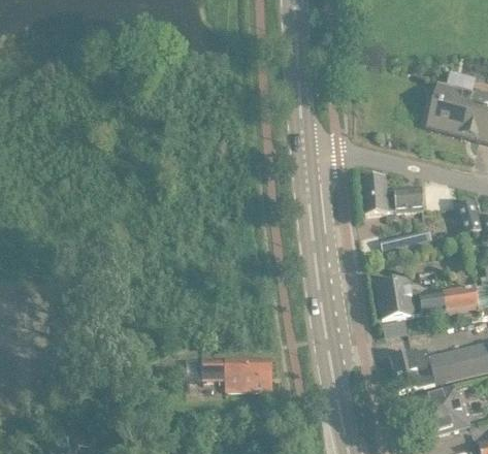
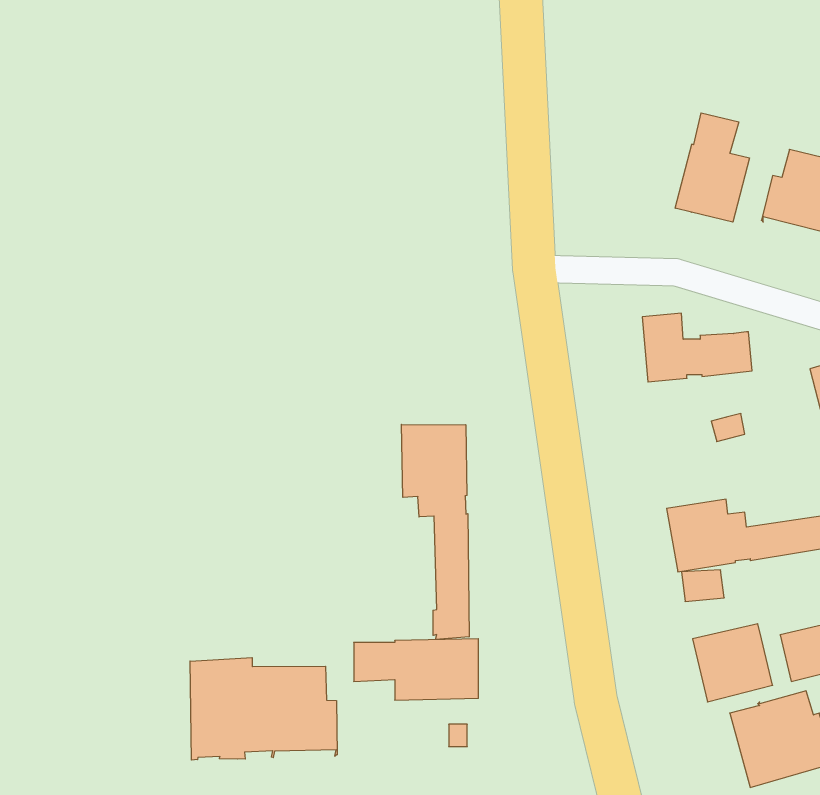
building: none -> [675,113,749,222]
building: none -> [401,424,469,639]
building: none -> [190,658,337,760]

